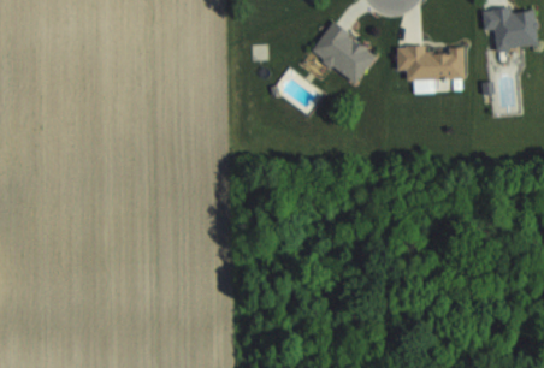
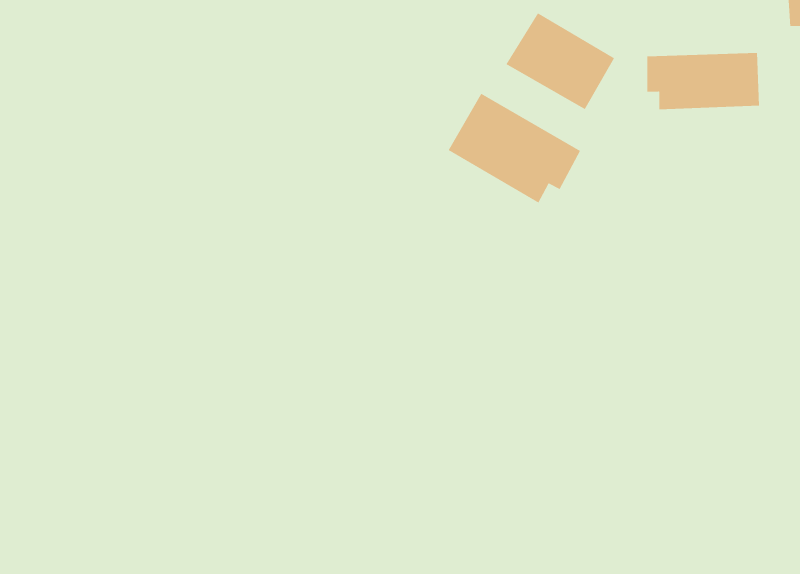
building: none -> [448,93,581,204]

